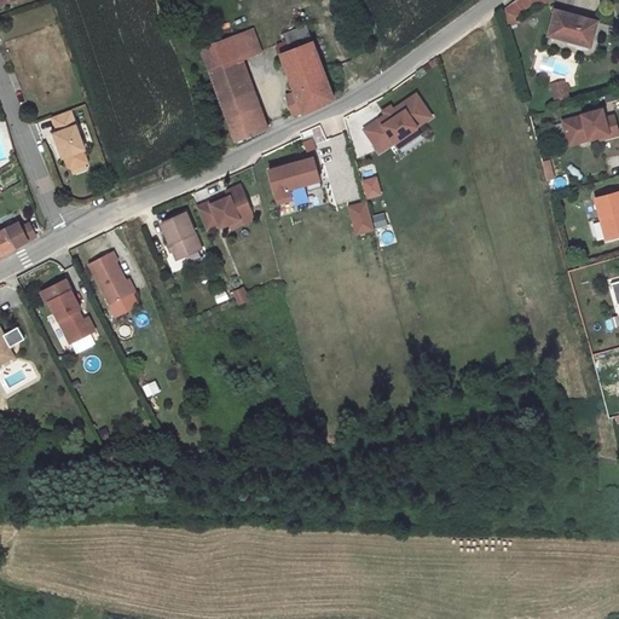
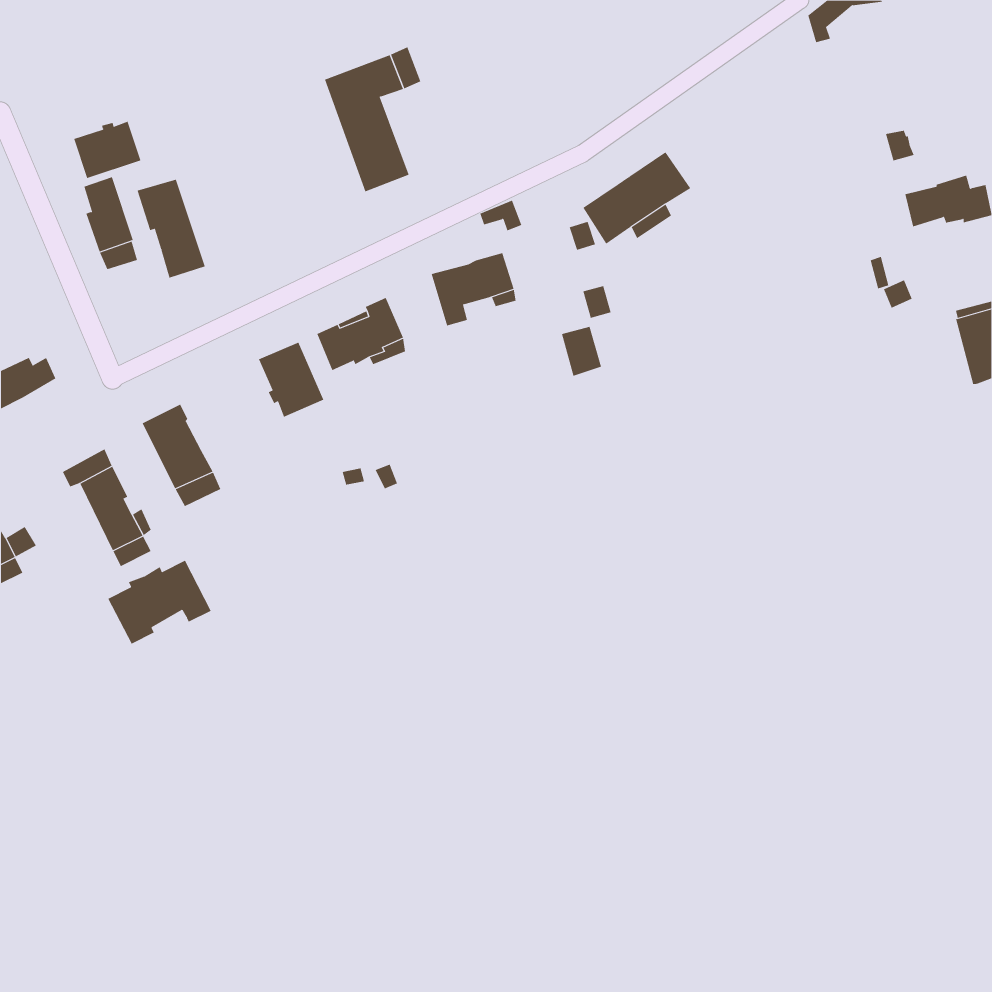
building: [549,10,597,46] -> none
building: [277,25,334,115] -> none
building: none -> [74,121,141,179]
building: [227,109,264,141] -> none
building: none -> [137,179,205,278]
building: none -> [107,560,212,644]

